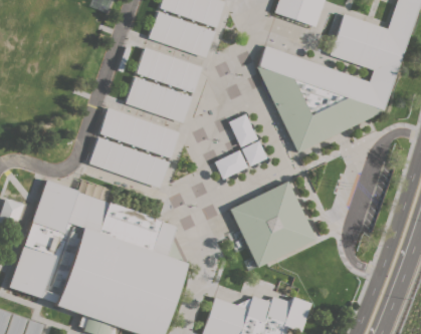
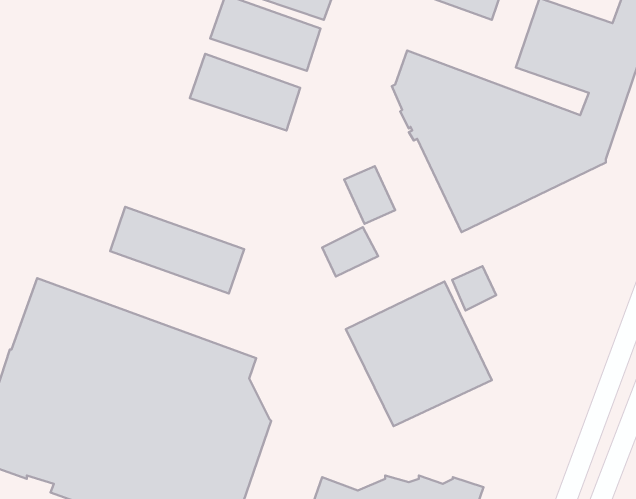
building: [127,77,193,122] -> none
building: [100,107,180,157] -> none
building: [242,140,268,166] -> [452,266,496,310]

